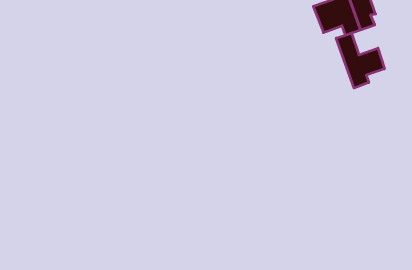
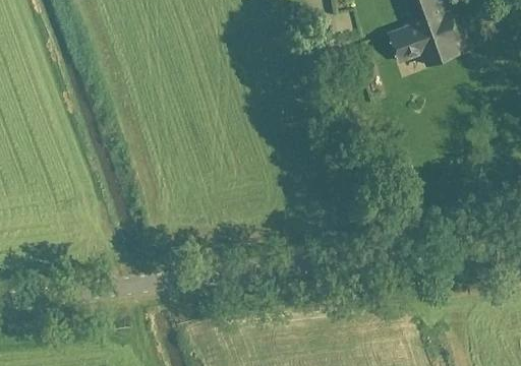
building: [336,33,384,88] -> none

